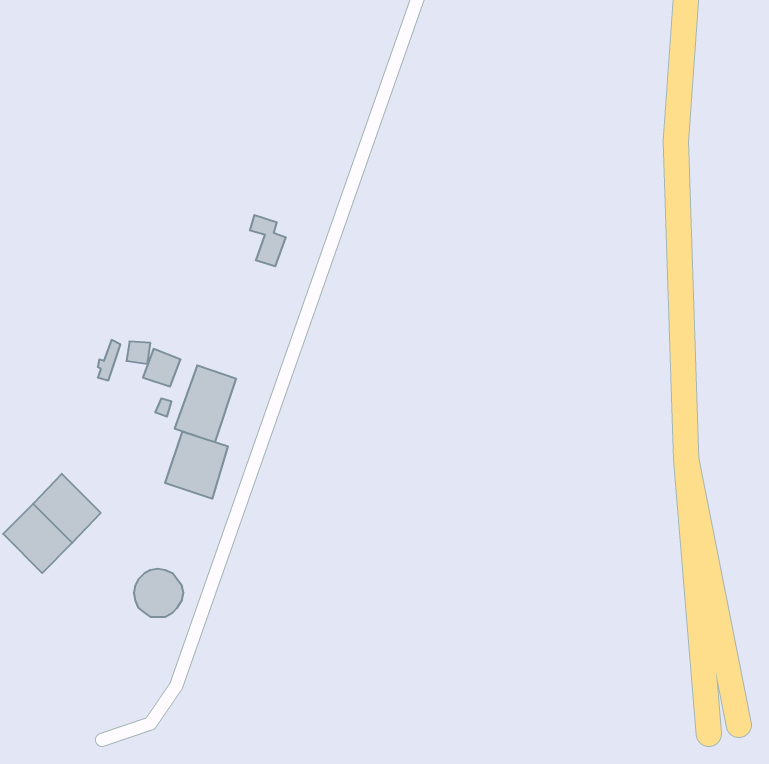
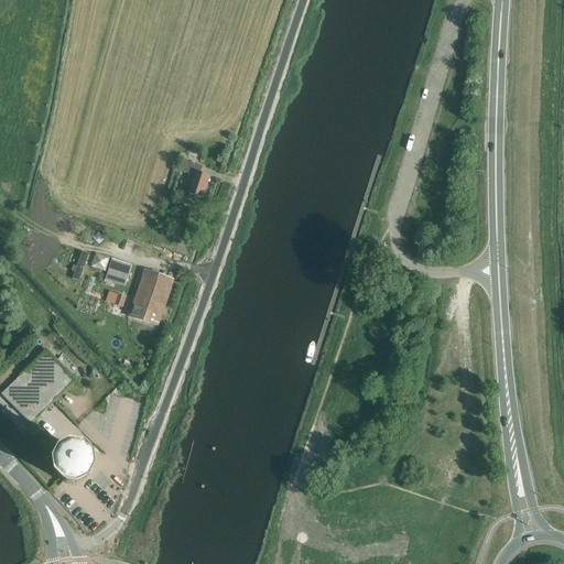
building: [165,432,228,499] -> none
building: [134,569,183,617] -> [56,446,93,481]

